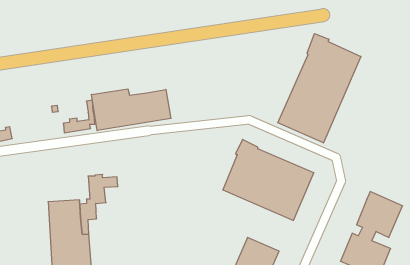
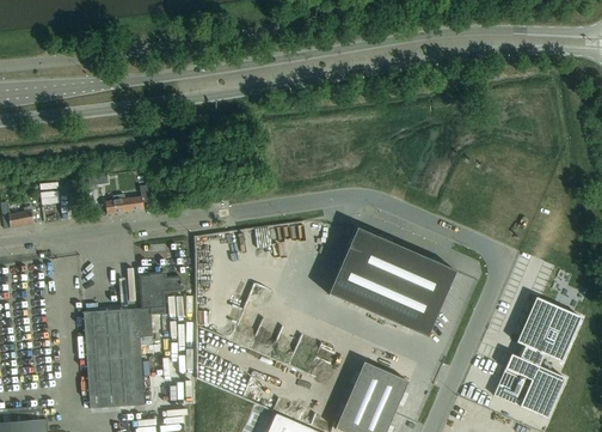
building: [278,34,361,143] -> none
building: [91,89,171,131] -> none

